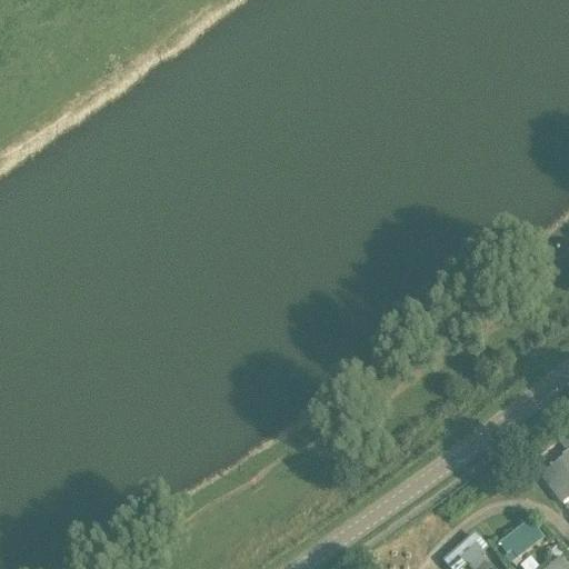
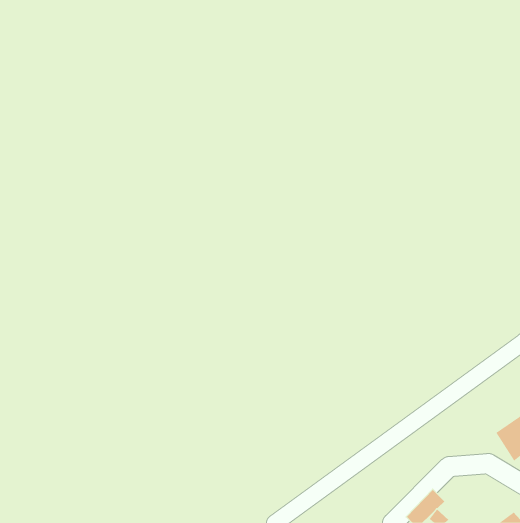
building: [497,519,542,562] -> none

